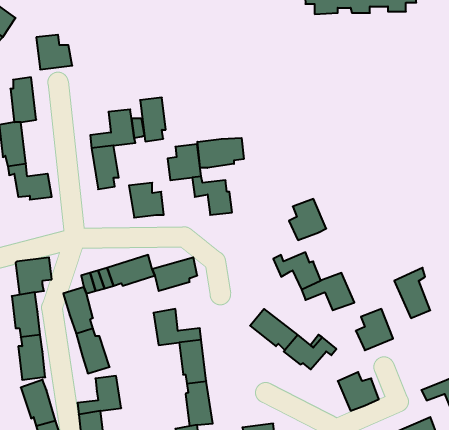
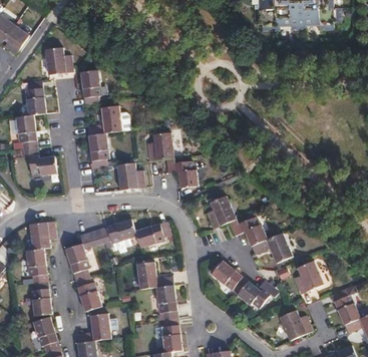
building: [140,98,166,141] -> [81,70,101,104]
building: [197,138,244,168] -> none
building: [289,199,326,240] -> [207,196,236,228]
building: [394,268,430,318] -> [332,285,360,324]

